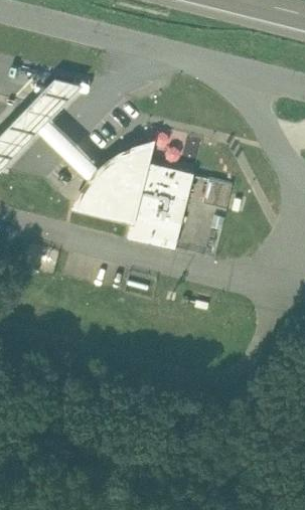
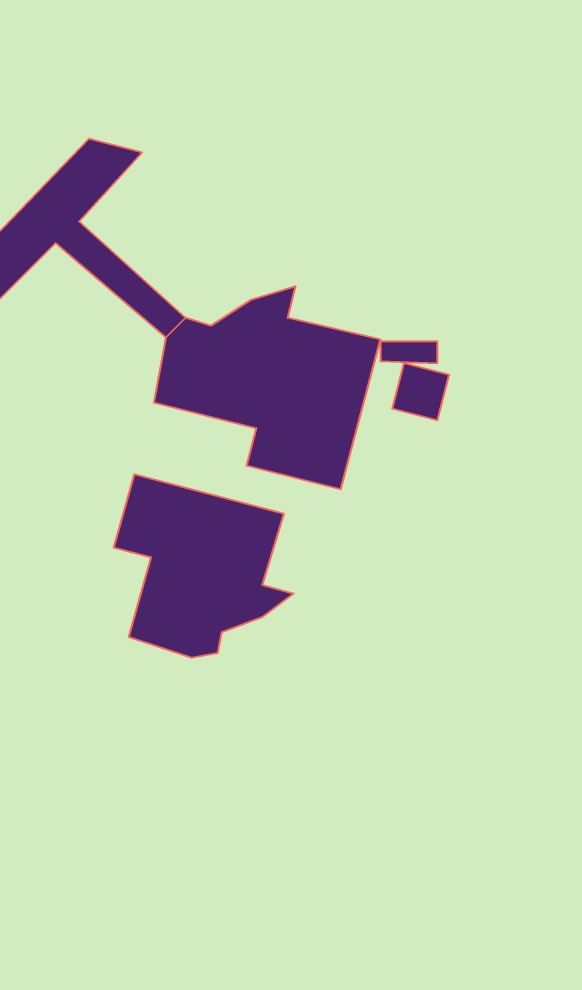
building: none -> [114,474,294,658]

